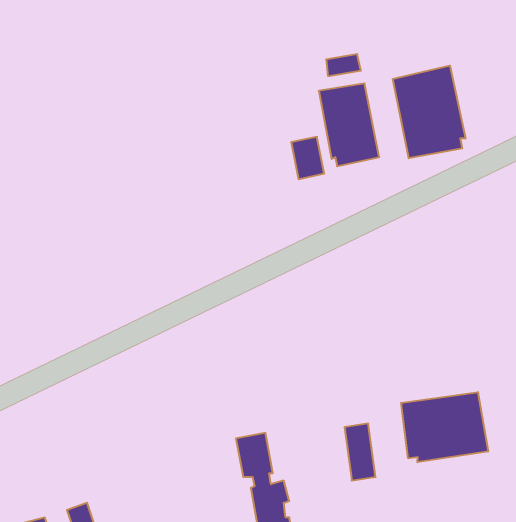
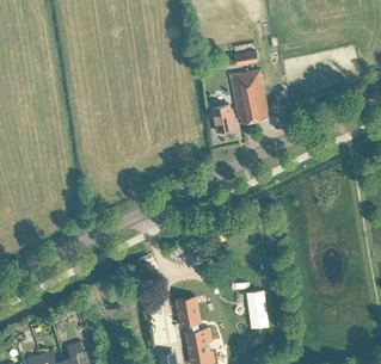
building: [393,66,465,158] -> none
building: [401,392,488,462] -> none

